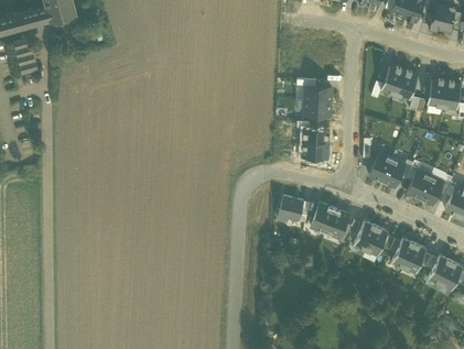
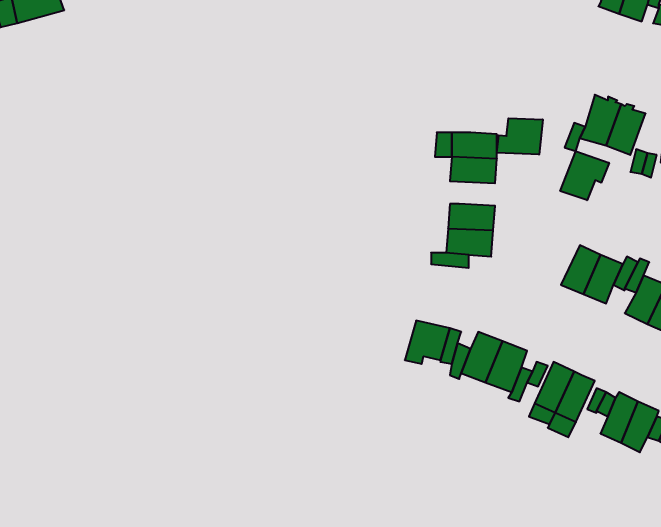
building: none -> [497,118,543,155]
building: none -> [560,151,609,200]

